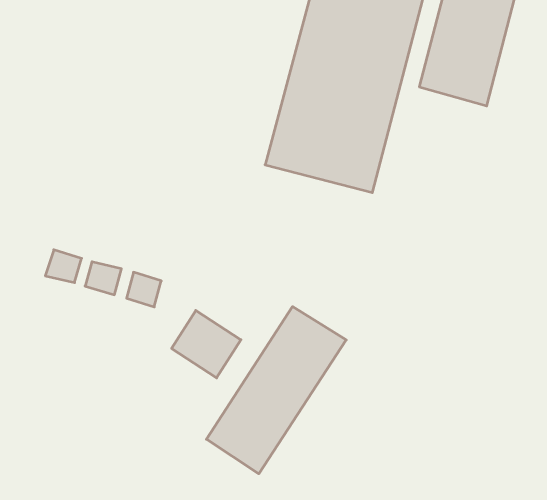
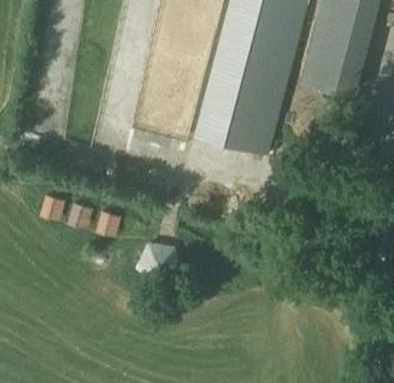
building: [206,307,346,474] -> none

